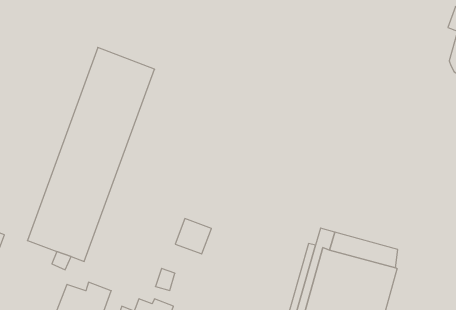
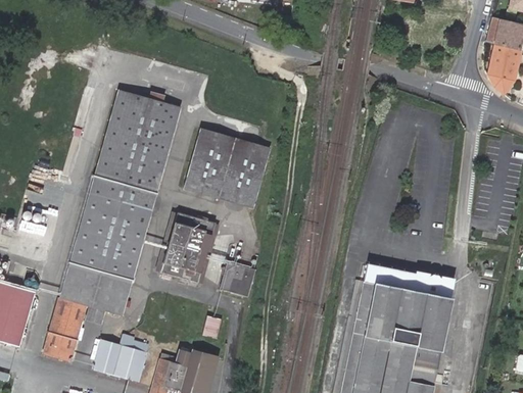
building: none -> [183,129,269,207]
building: none -> [158,212,211,284]
building: none -> [46,301,88,363]

